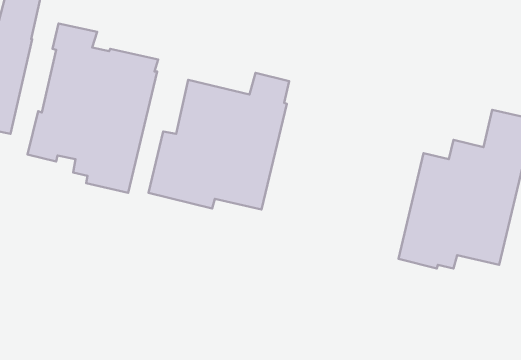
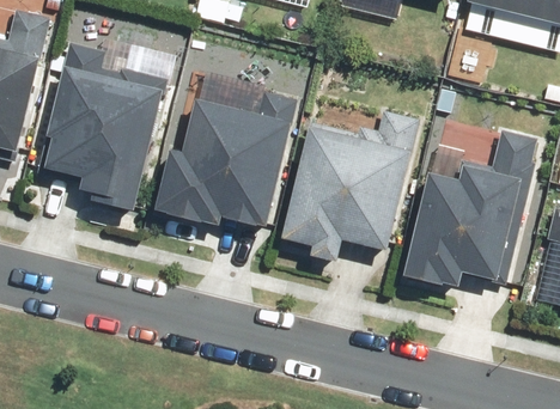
building: none -> [282,109,418,262]

